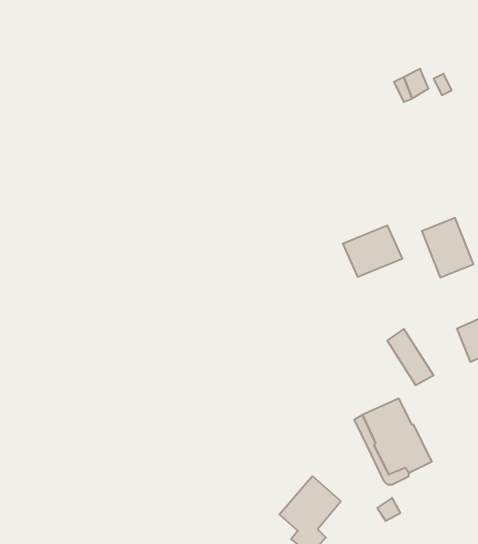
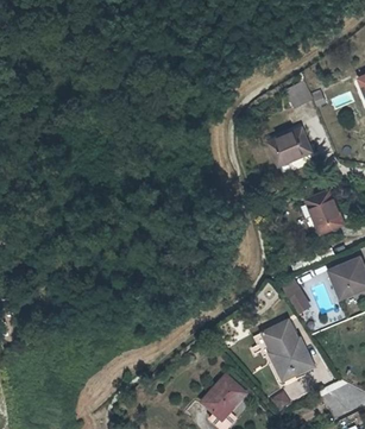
building: [343,225,402,277] -> [265,130,308,166]

